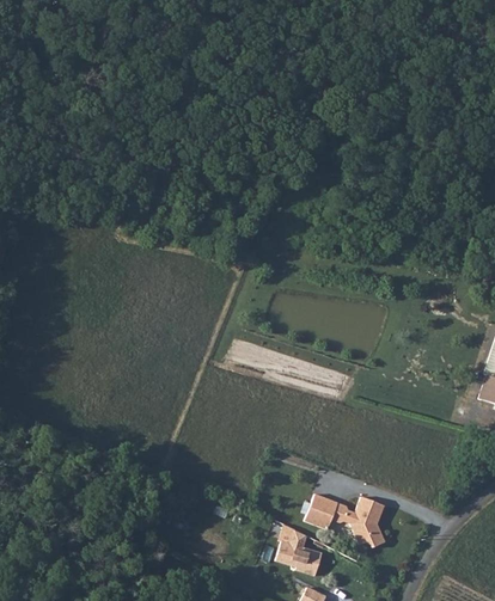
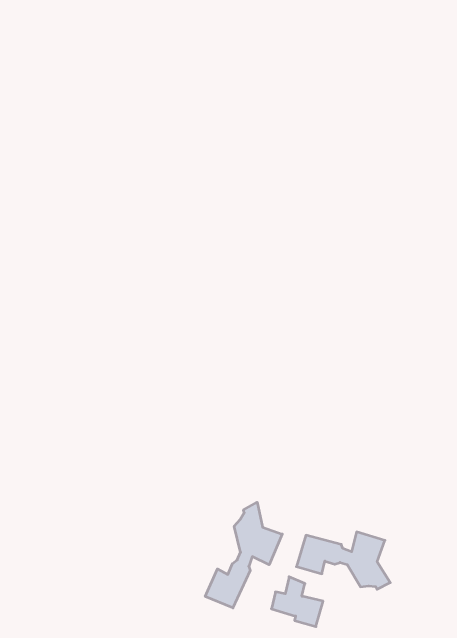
building: none -> [205,502,282,608]

